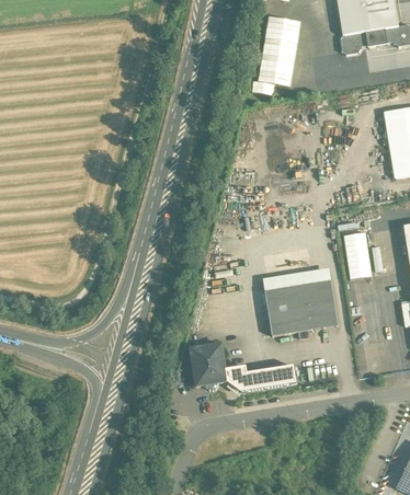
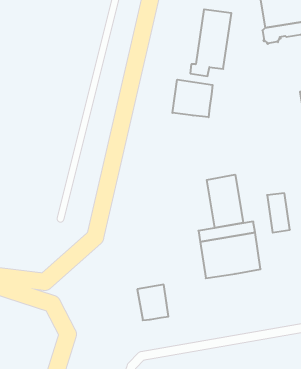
building: none -> [172,80,213,117]
building: none -> [207,175,243,228]
building: [225,361,295,388] -> none

